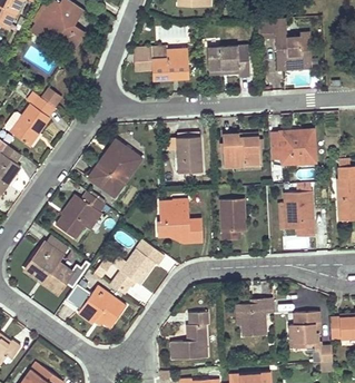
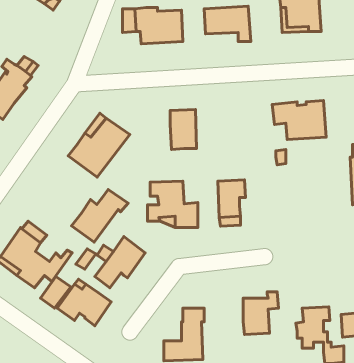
building: [223,134,260,167] -> none
building: [284,190,314,235] -> none
building: [56,192,106,238] -> [72,189,128,242]

